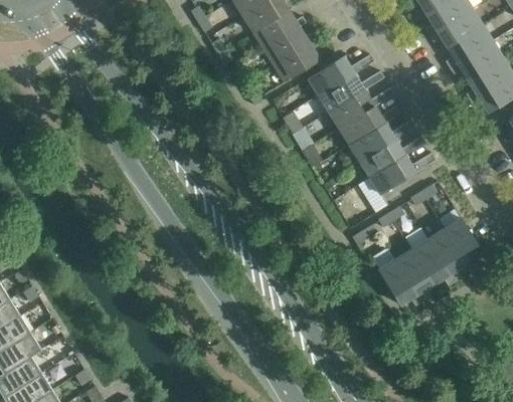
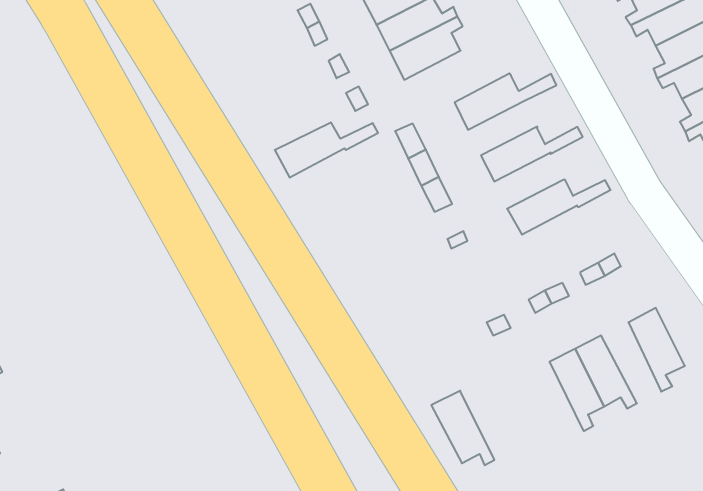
building: [307,54,373,94] -> [275,123,378,177]
building: [328,87,393,128] -> none
building: [348,120,414,161] -> none
building: [369,153,435,194] -> none
building: [426,228,465,280] -> none
building: [376,258,420,306] -> [431,391,494,465]

